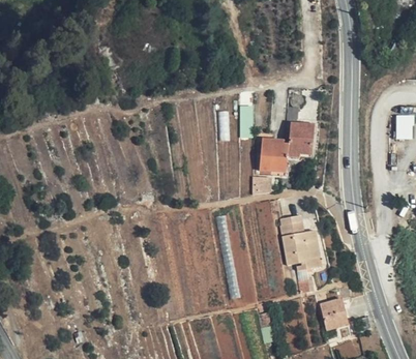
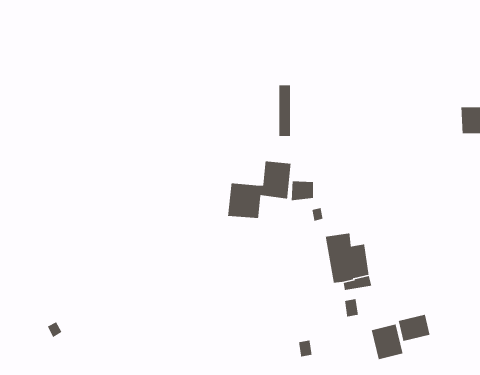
building: [259,122,314,172] -> [227,161,292,219]
building: none -> [398,314,430,342]

